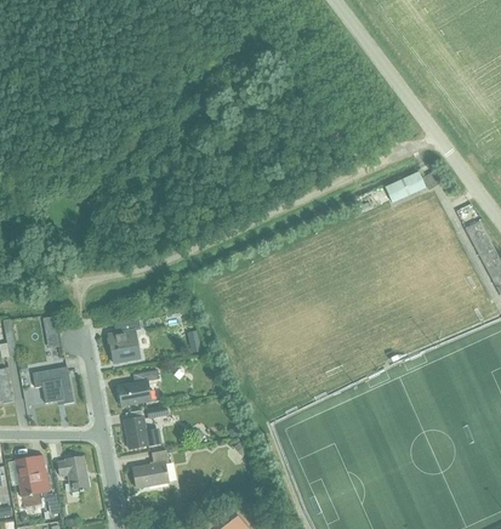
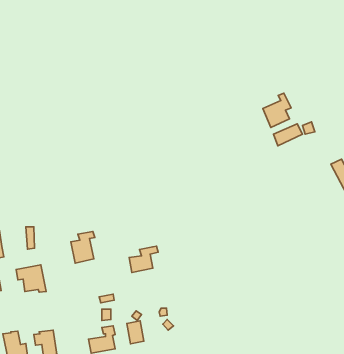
building: none -> [263,93,291,127]
building: [119,370,159,406] -> [129,246,158,273]
building: [125,417,148,449] -> [127,321,144,344]

